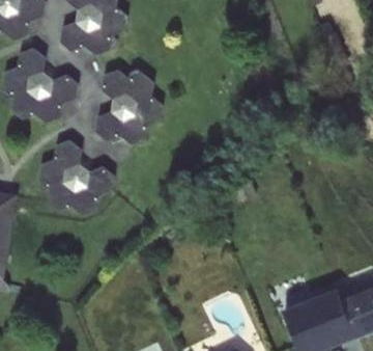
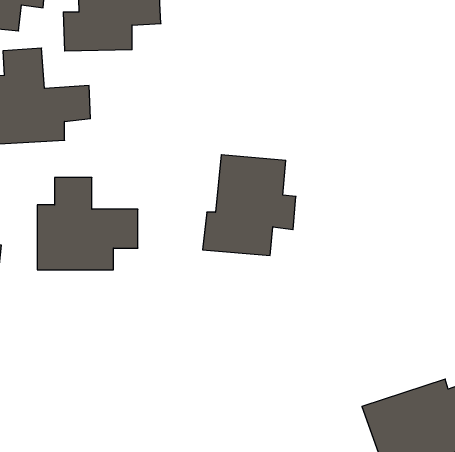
building: [93,70,161,142] -> [203,155,296,255]

